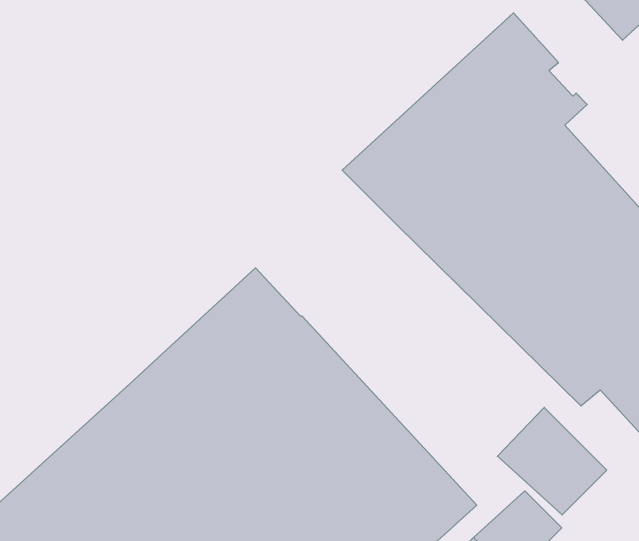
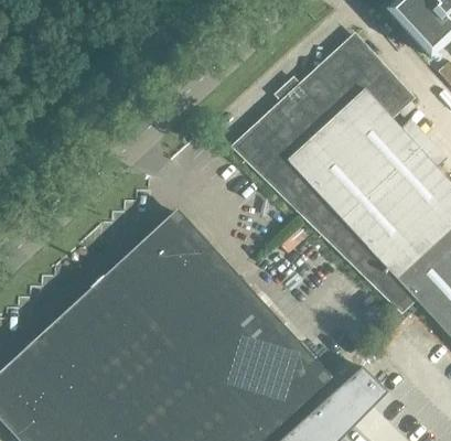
building: [497,407,607,515] -> none

